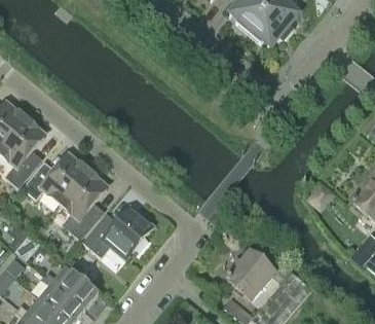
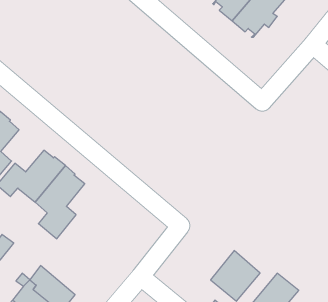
building: [83,205,153,257] -> none

